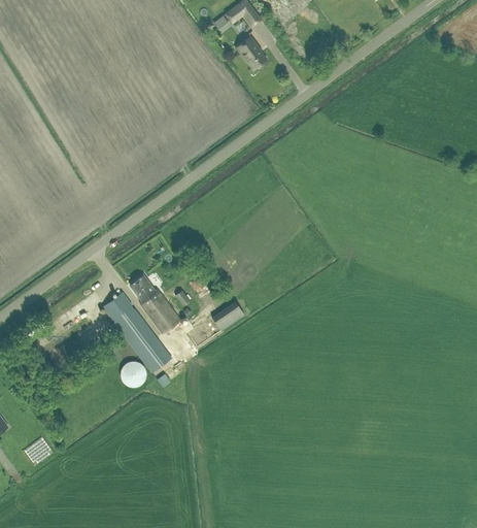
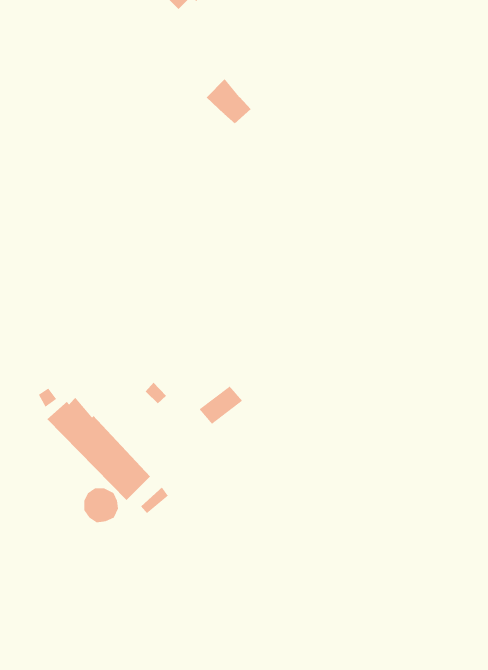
building: [236,36,268,70] -> [206,78,251,124]
building: [130,275,180,334] -> none

